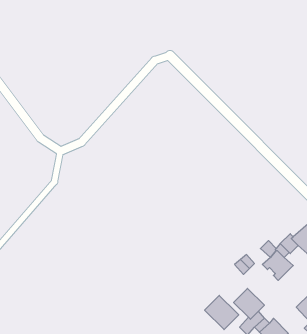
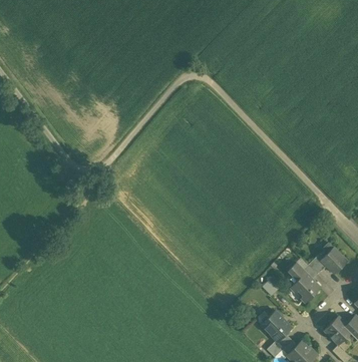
building: [205,295,239,330] -> none

